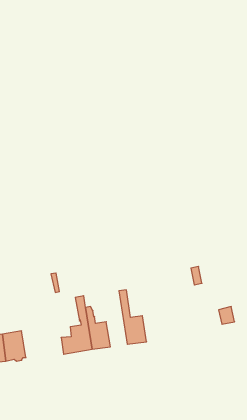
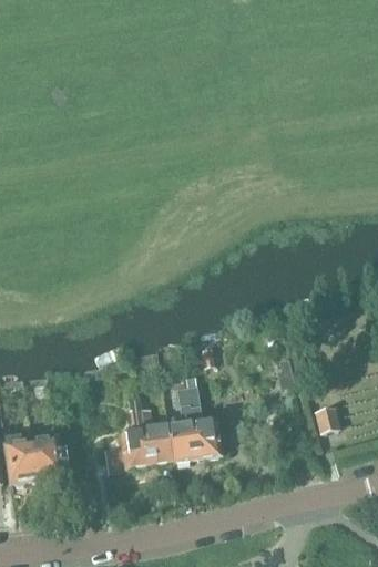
building: none -> [168,385,196,460]

